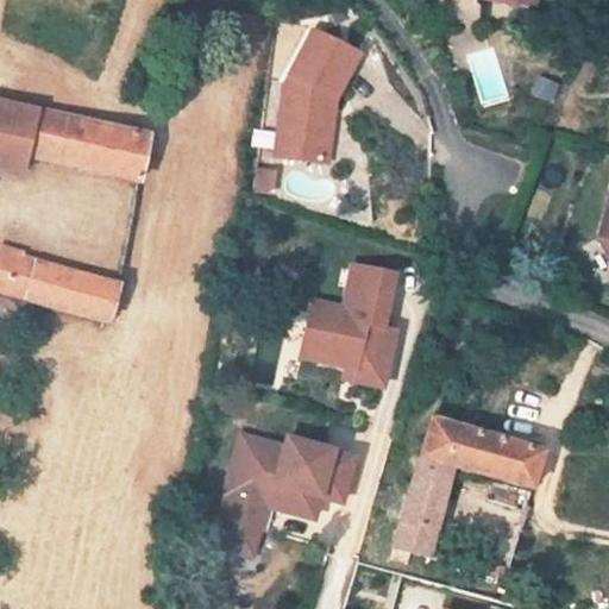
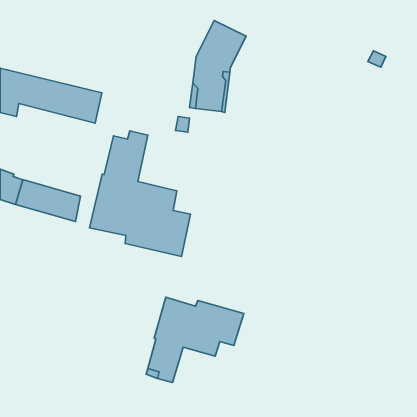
building: none -> [89,131,190,256]
building: [297,258,396,385] -> none
building: [393,416,545,561] -> none

